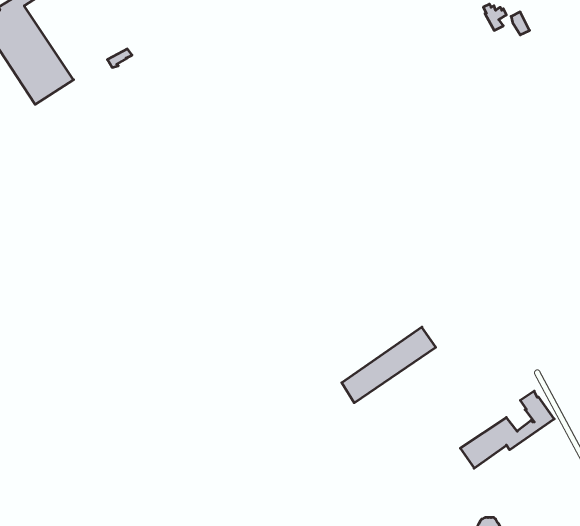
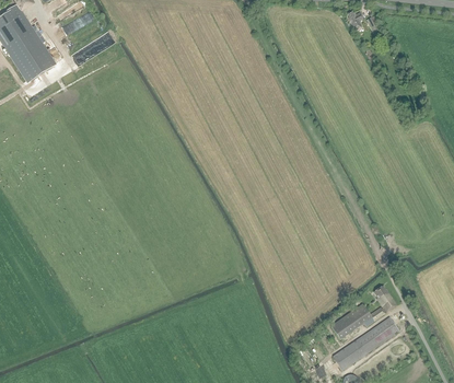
building: [342,327,436,403] -> [333,316,399,370]

